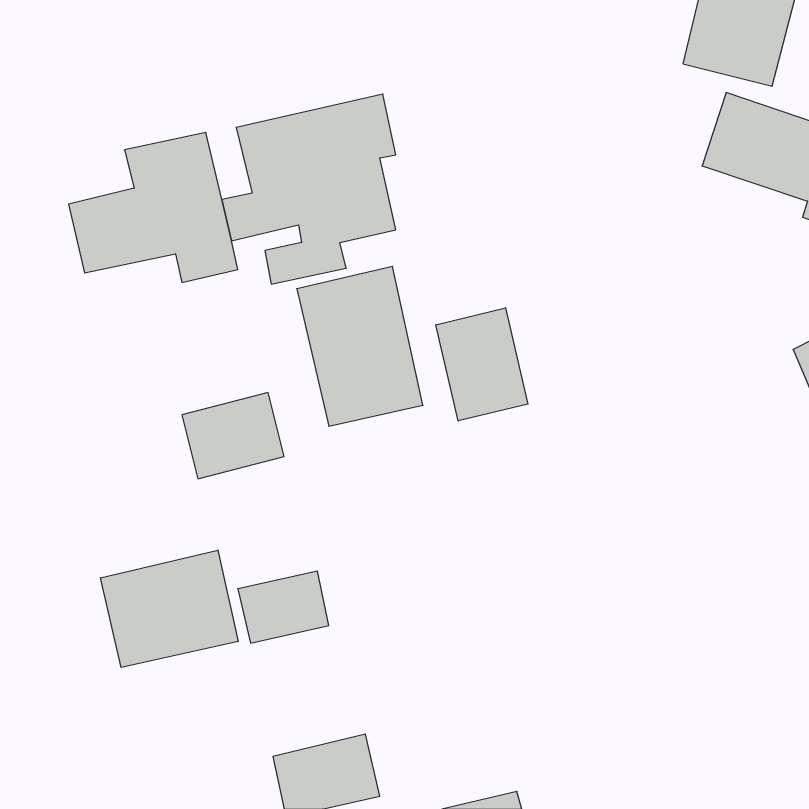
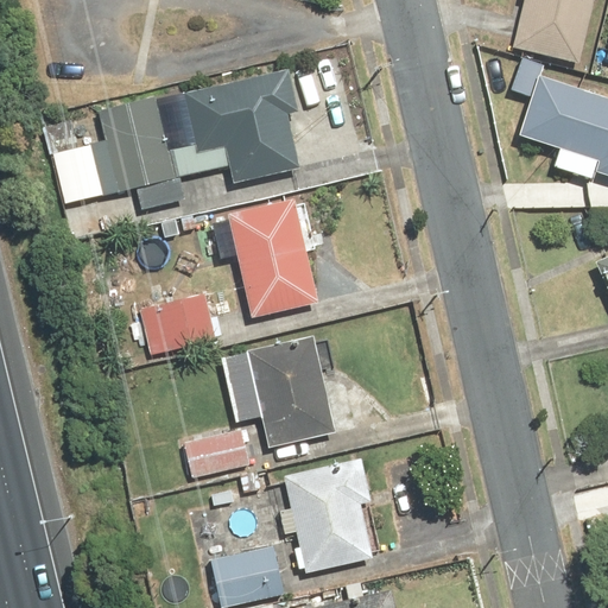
building: [436,308,528,421] -> none
building: none -> [221,335,335,449]
building: [101,550,238,667] -> none
building: none -> [278,456,372,575]

